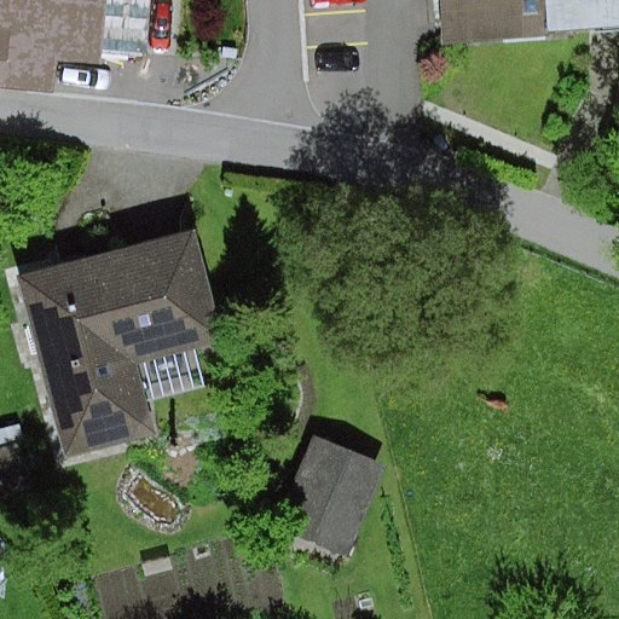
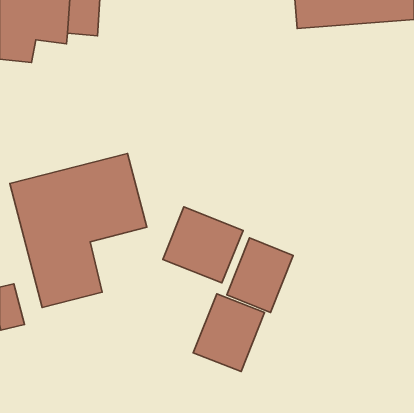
building: none -> [163,207,243,283]
building: none -> [227,238,293,313]

